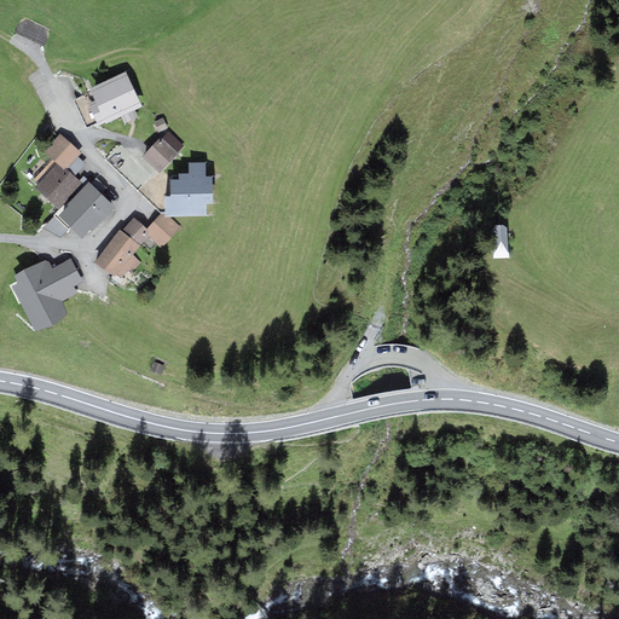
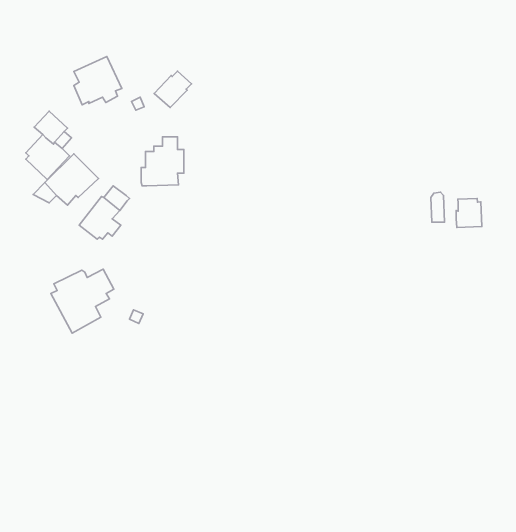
building: [141,131,184,172] -> [154,71,191,107]
building: [147,213,180,245] -> none
building: none -> [456,198,482,228]
building: [11,258,82,330] -> [51,269,114,333]

